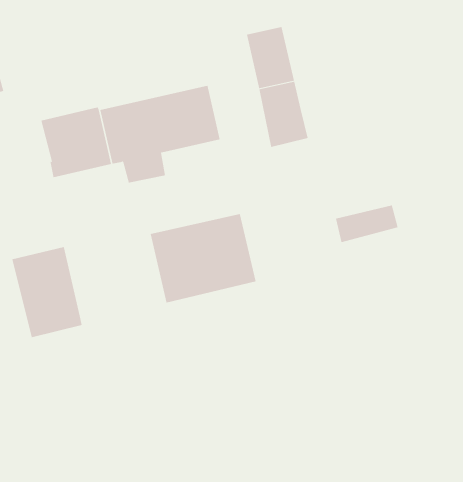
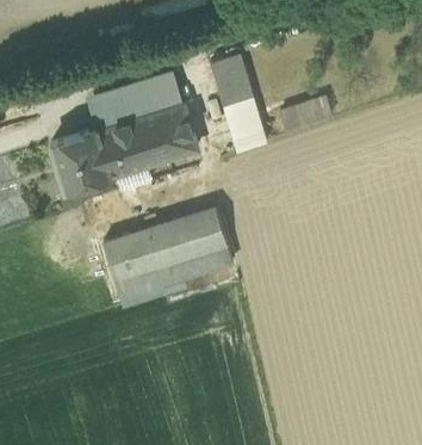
building: none -> [87,73,184,132]
building: [335,205,398,243] -> [281,98,333,131]
building: [12,247,83,338] -> [104,229,165,304]

